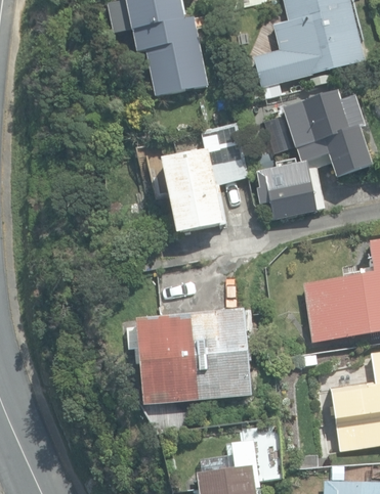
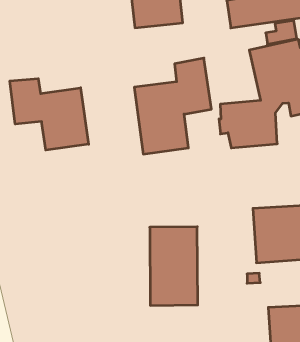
building: none -> [10,79,89,150]
building: [136,313,200,403] -> none

